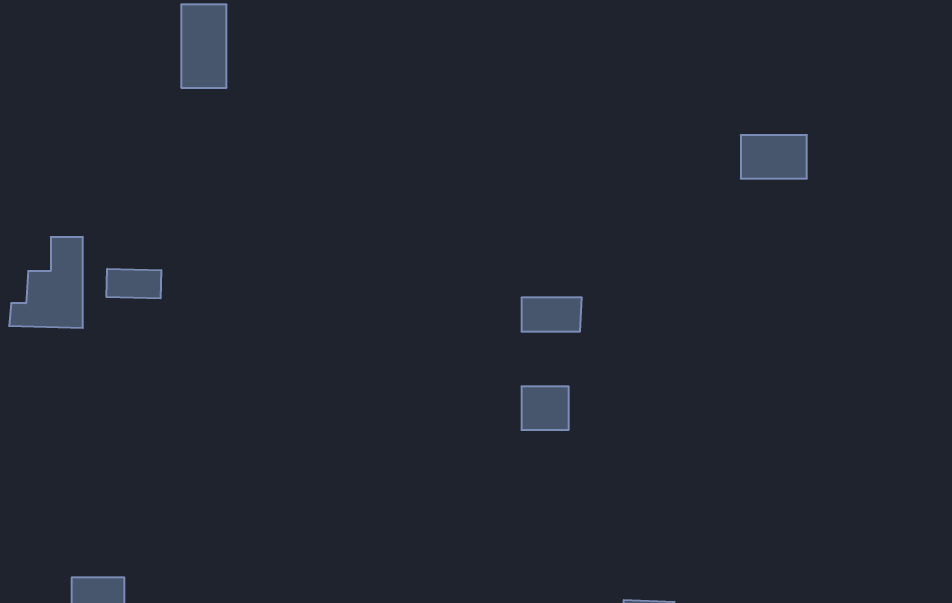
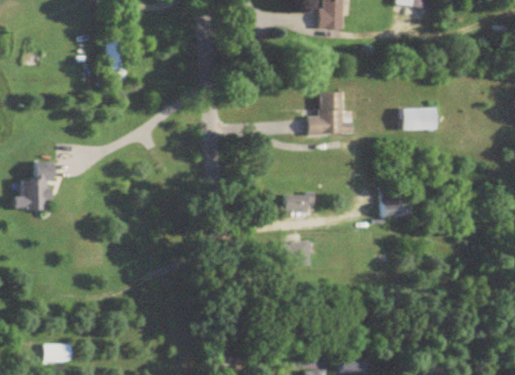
building: none -> [306,92,353,136]
building: [106,269,161,298] -> none
building: none -> [381,180,409,216]

